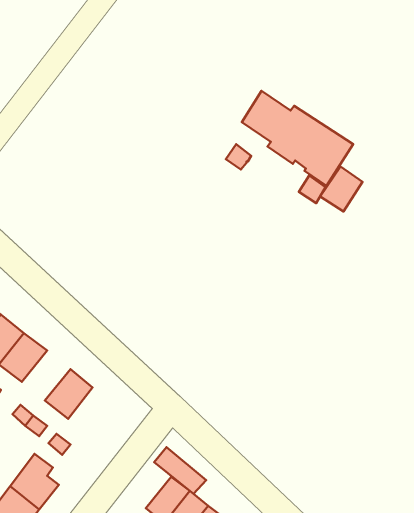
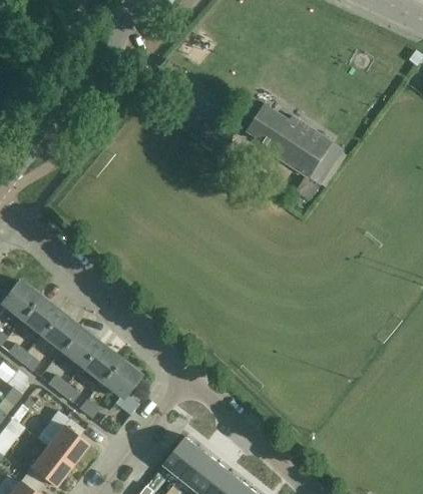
building: [320,166,363,211] -> none
building: none -> [56,328,98,371]
building: none -> [96,360,138,396]
building: [154,447,206,494] -> none

